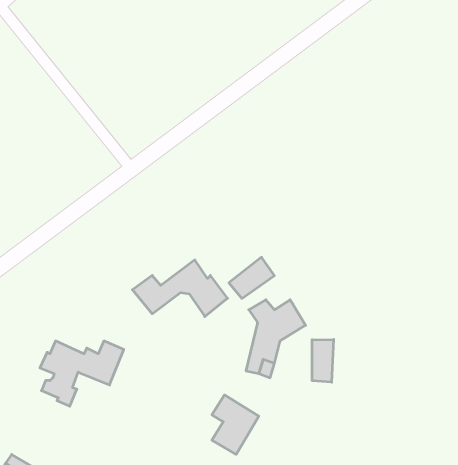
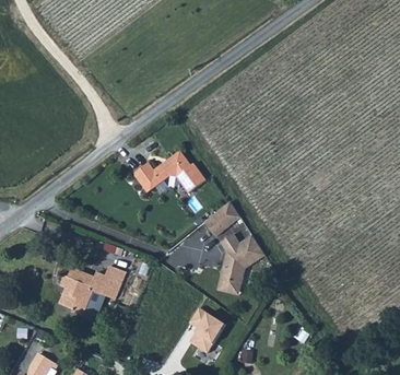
building: [132,260,228,317] -> [131,150,204,194]
building: [312,339,334,382] -> none

